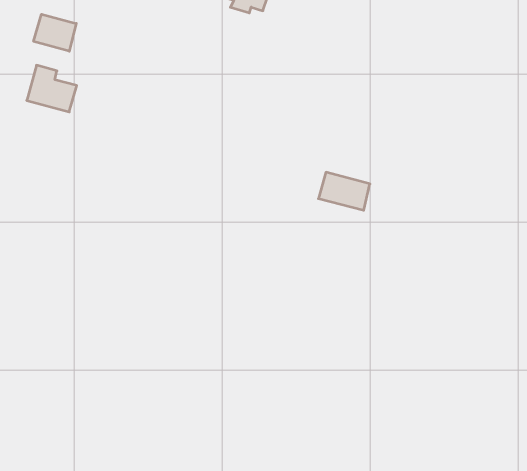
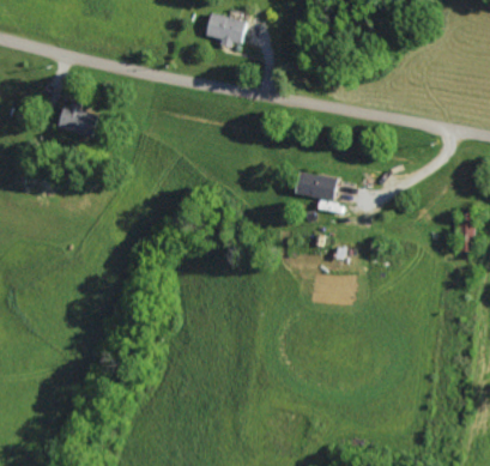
building: [34,14,76,51] -> none

